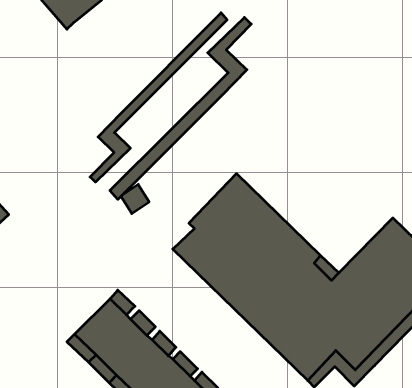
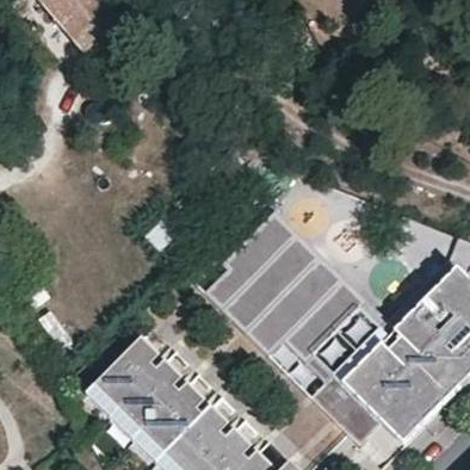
building: [90,13,227,182] -> none
building: [110,17,251,199] -> none

